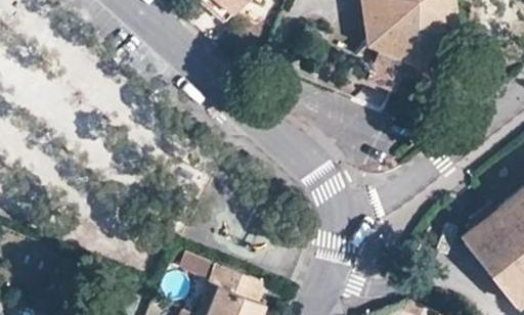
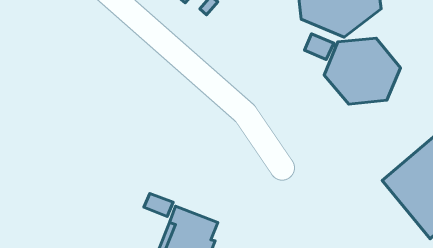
building: none -> [324,38,401,104]

